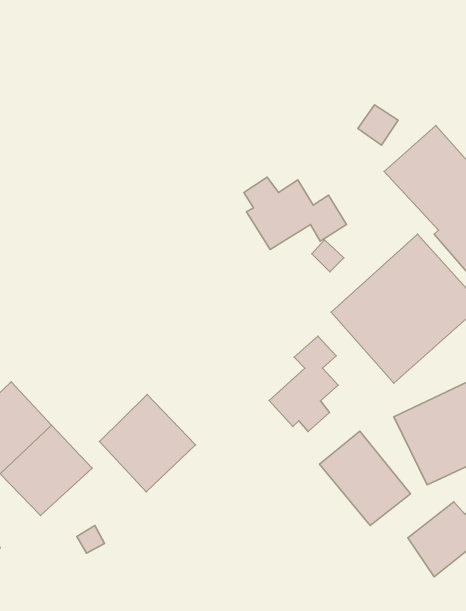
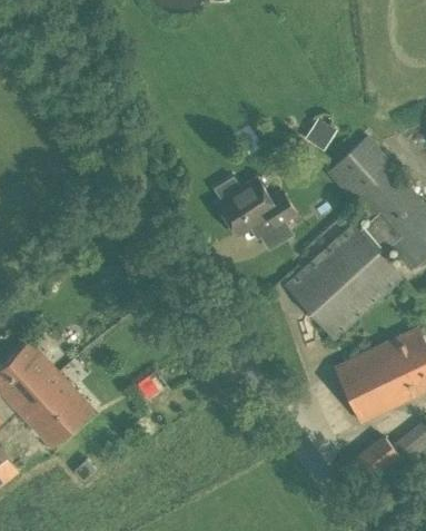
building: [269,336,338,432] -> none
building: [99,395,195,492] -> none
building: [320,431,410,526] -> none

